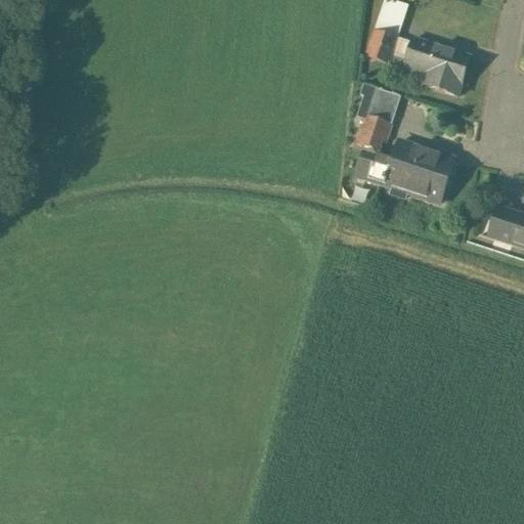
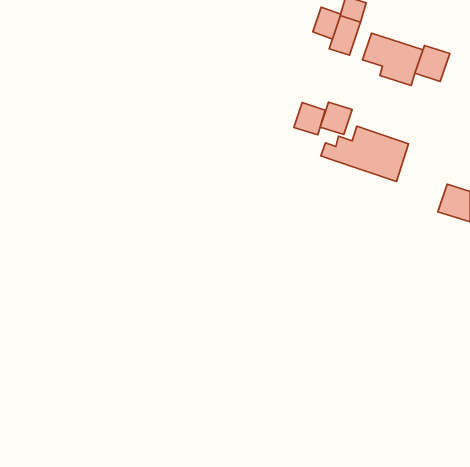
building: none -> [313,7,341,39]
building: none -> [415,45,450,82]
building: [365,86,400,122] -> [294,103,325,135]

